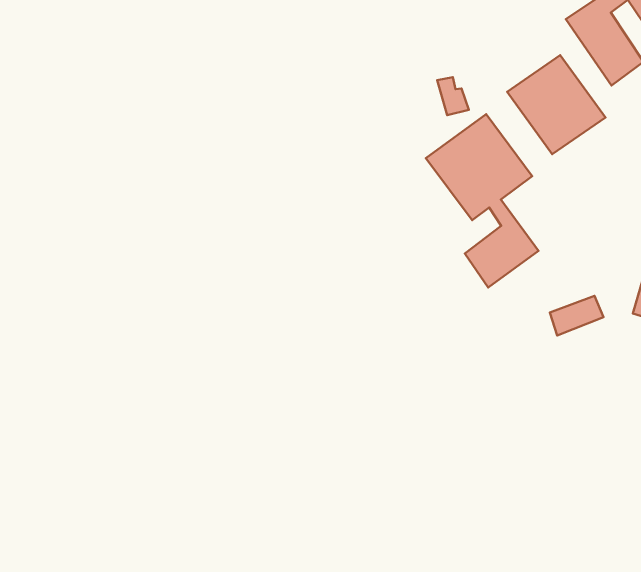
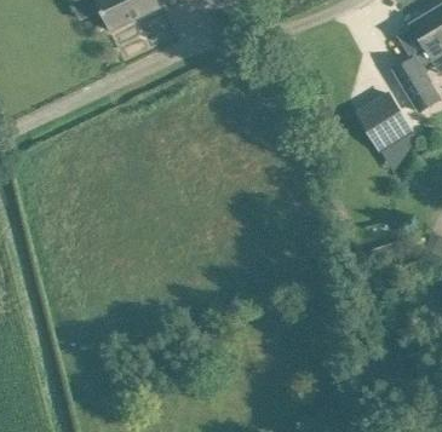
building: [426,114,539,288] -> none

